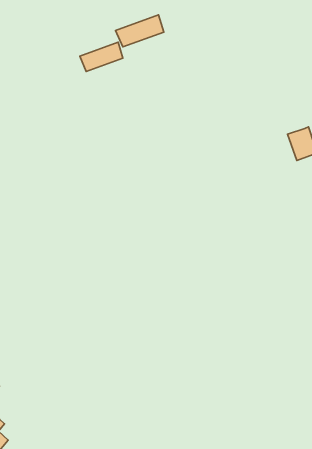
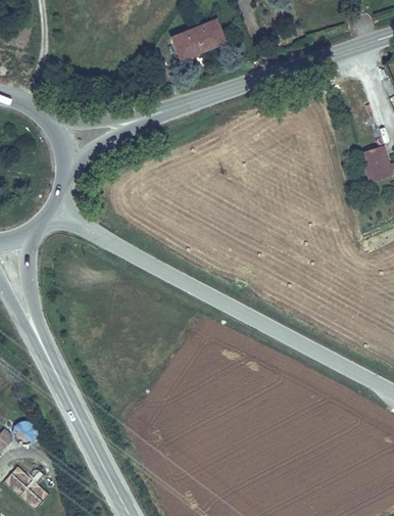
building: [80,42,123,72] -> none

